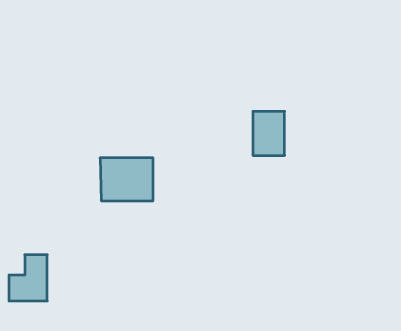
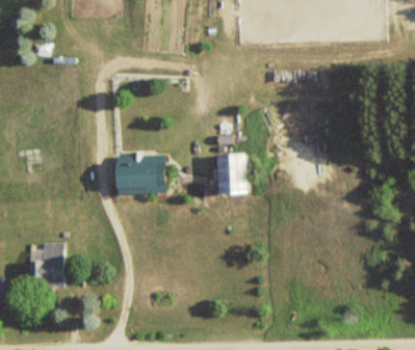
building: [253,111,285,155] -> [216,154,245,194]

